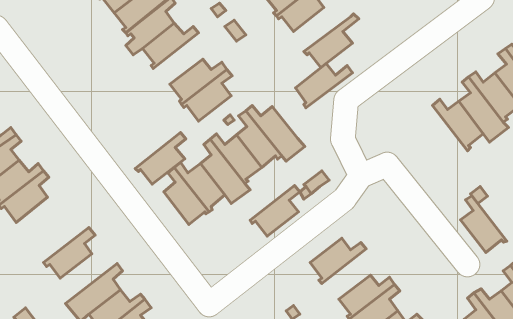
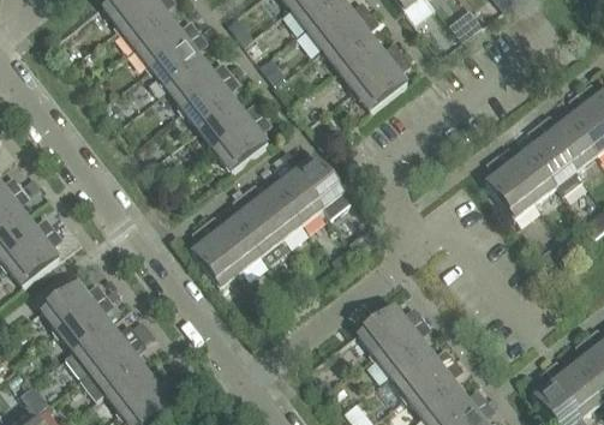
building: [295,63,352,108] -> [339,41,403,91]
building: [135,133,186,184] -> [179,70,237,128]
building: [250,185,300,236] -> [371,316,427,373]
building: [460,196,507,253] -> [484,152,537,217]
building: none -> [41,280,106,331]
building: none -> [64,322,138,378]

